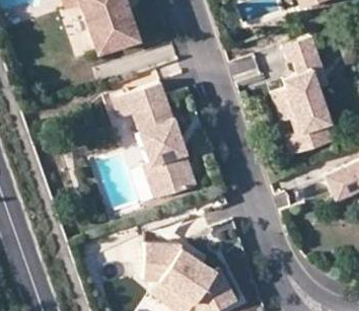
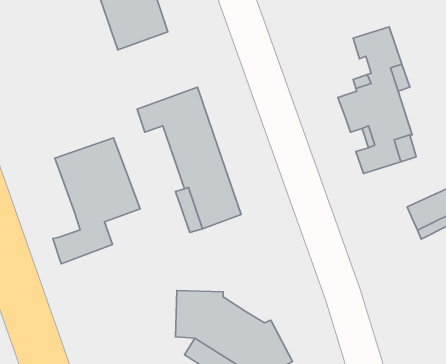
building: none -> [53,138,140,264]

